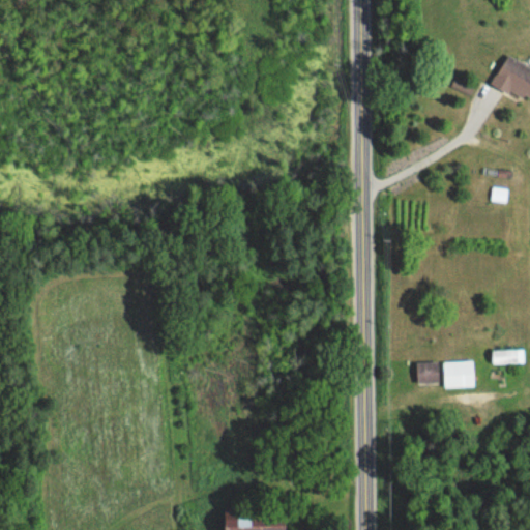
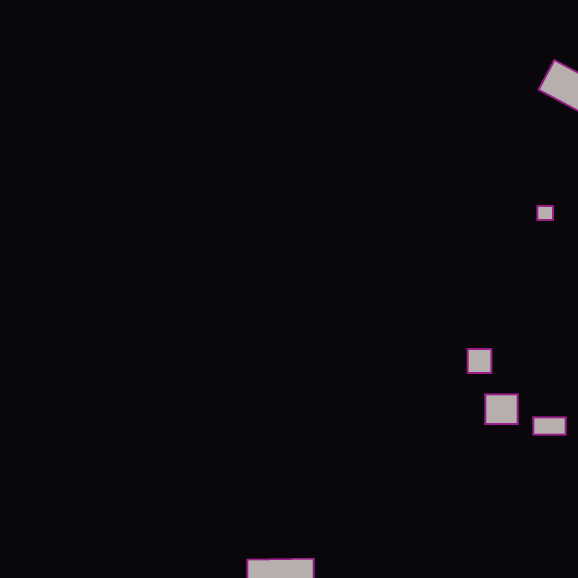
building: [493,350,523,365] -> [533,417,566,434]
building: [417,362,439,384] -> [468,349,491,373]

